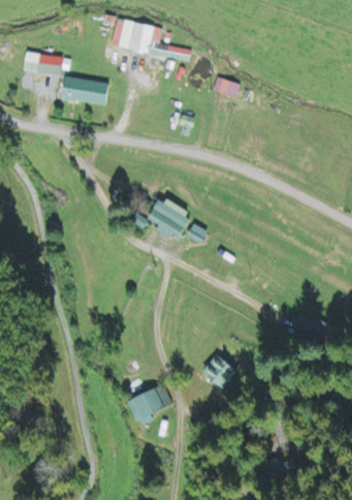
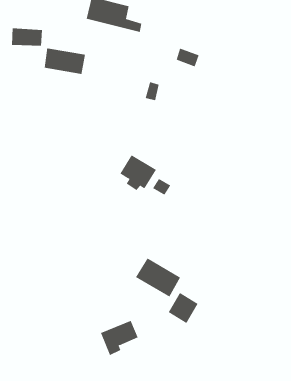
building: none -> [135,258,181,298]

